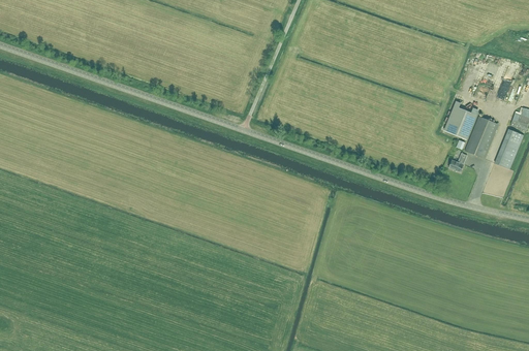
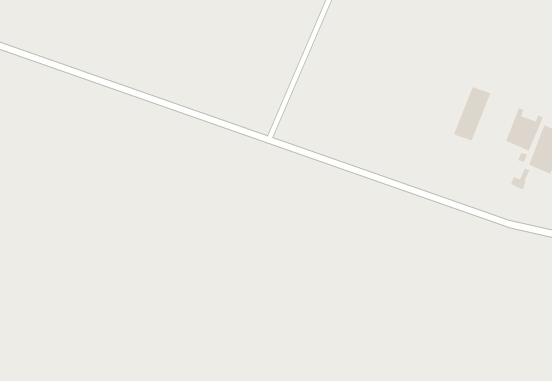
building: none -> [453,86,491,141]

